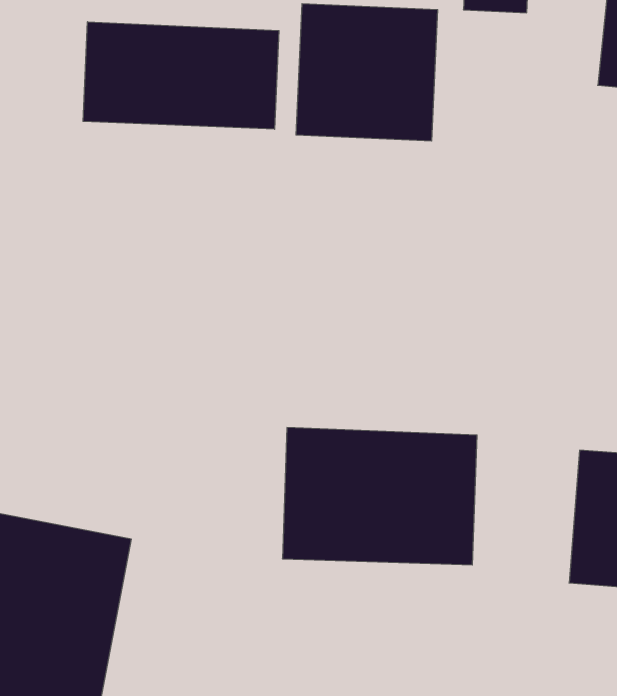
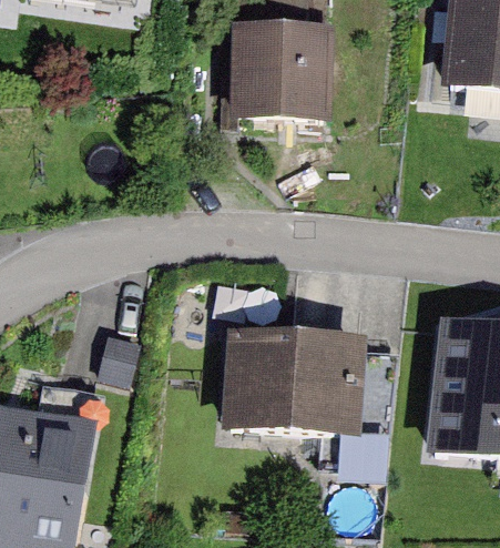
building: [83,22,279,129] -> none

